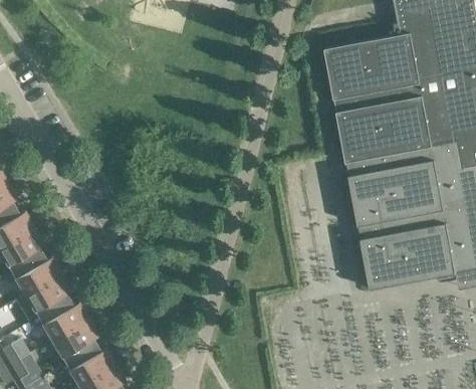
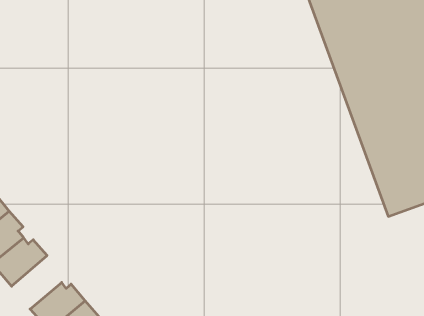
building: [24,272,70,318] -> none

